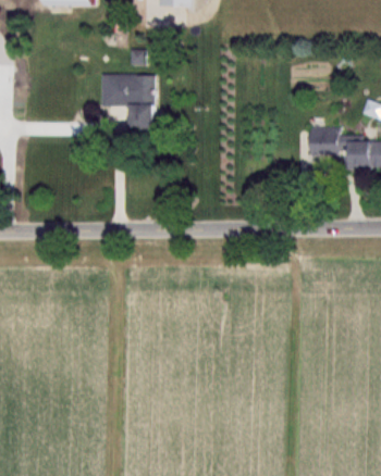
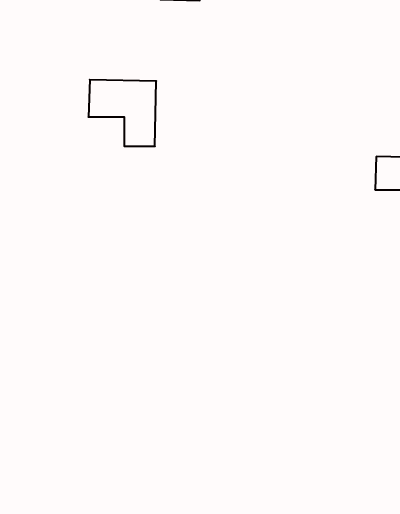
building: [305,126,337,153] -> none

